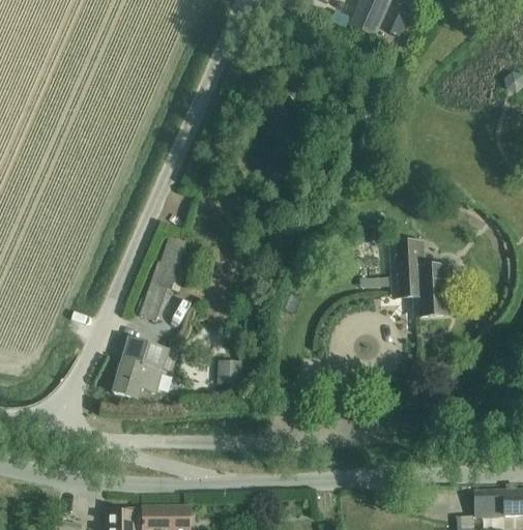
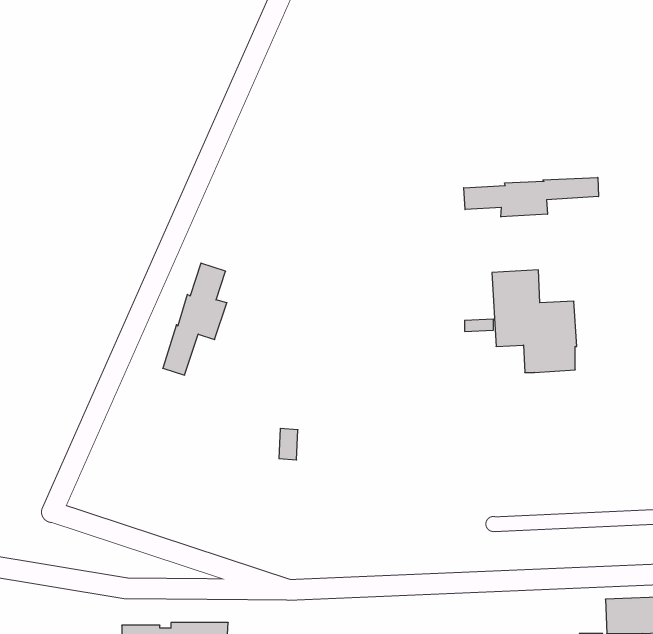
building: none -> [464,177,598,217]
building: [114,338,169,399] -> none

